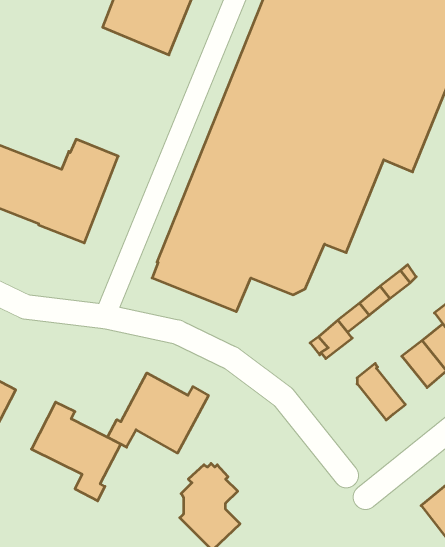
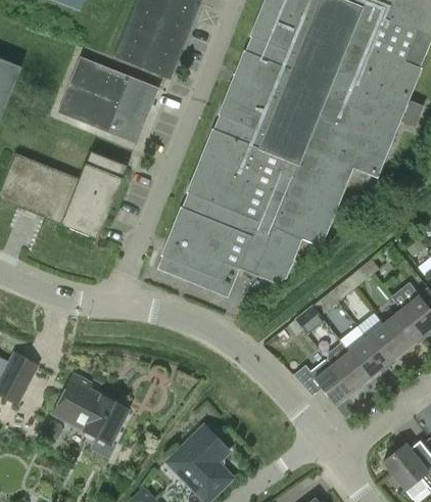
building: none -> [58,55,159,143]
building: none -> [342,324,389,376]
building: [107,373,208,453] -> none
building: none -> [295,359,354,405]

